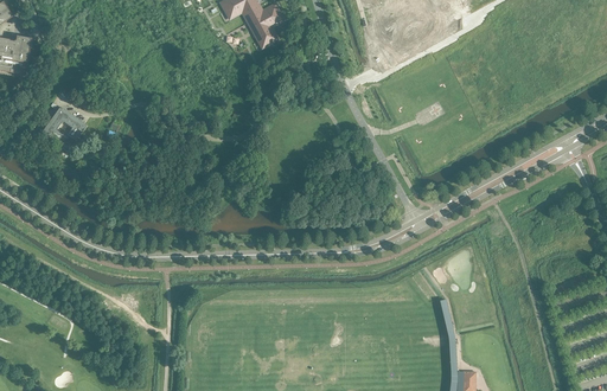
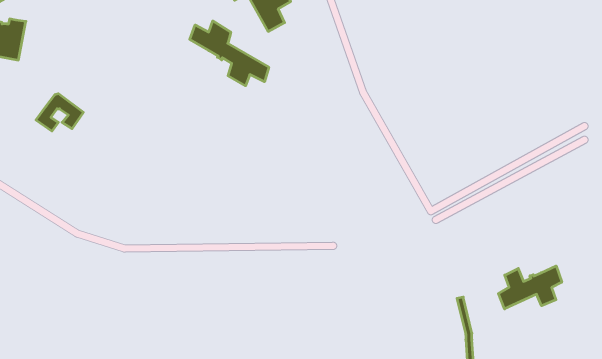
building: none -> [190,21,269,86]
building: none -> [498,266,562,309]

